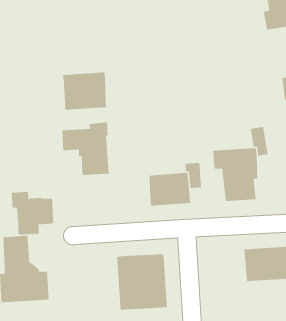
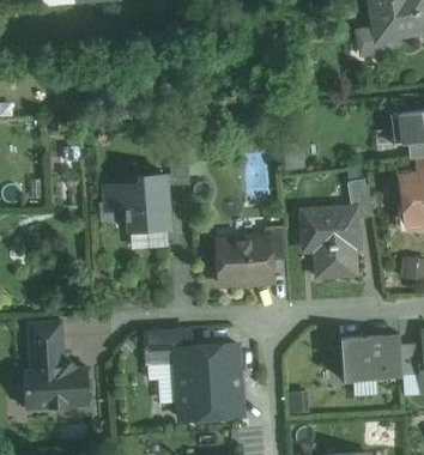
building: [62,72,107,110] -> none
building: [11,191,54,236] -> none
building: none -> [146,329,190,362]

